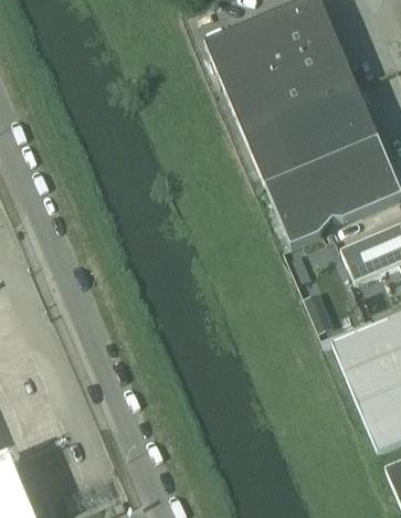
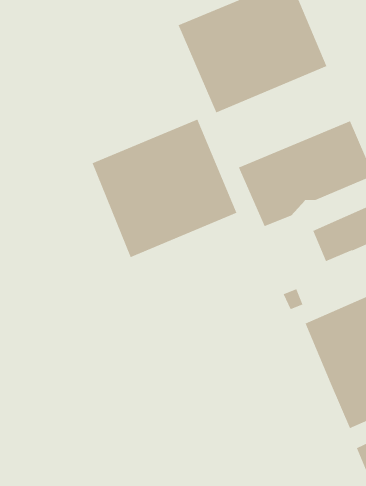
building: [243,81,379,182] -> none
building: none -> [91,119,237,258]

